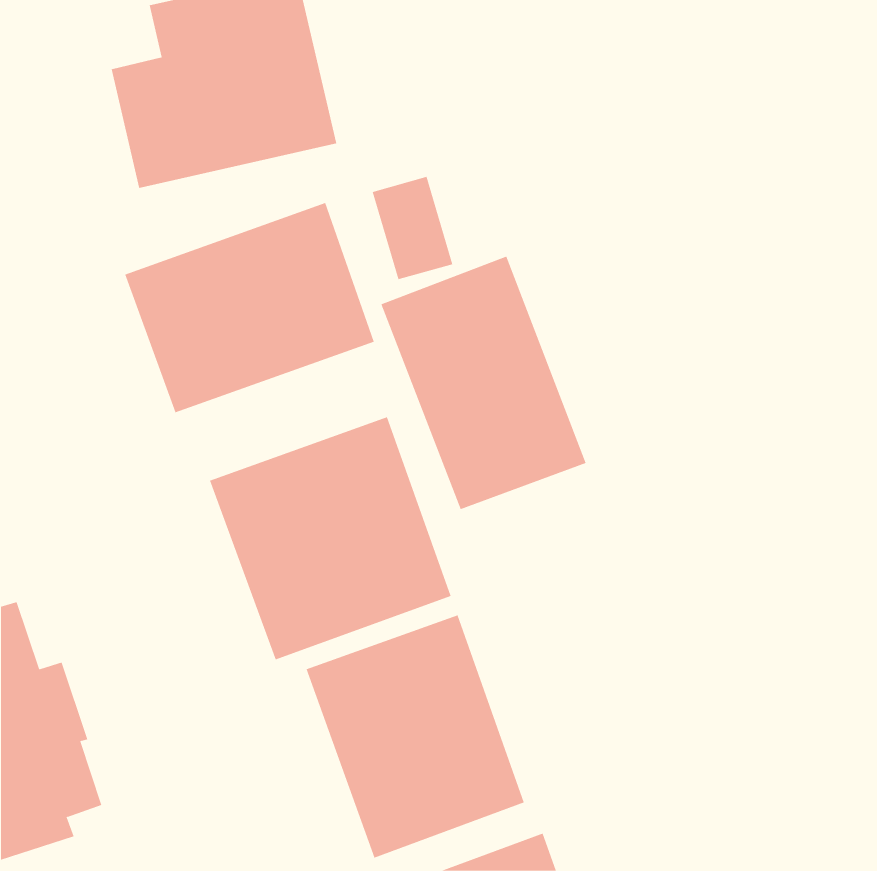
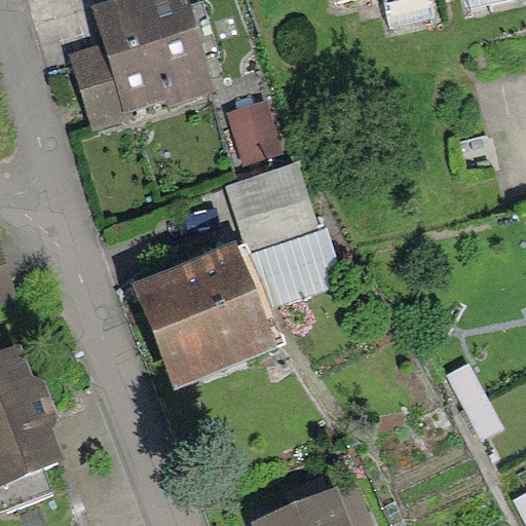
building: [124,202,374,413] -> none
building: [306,615,525,858] -> none

